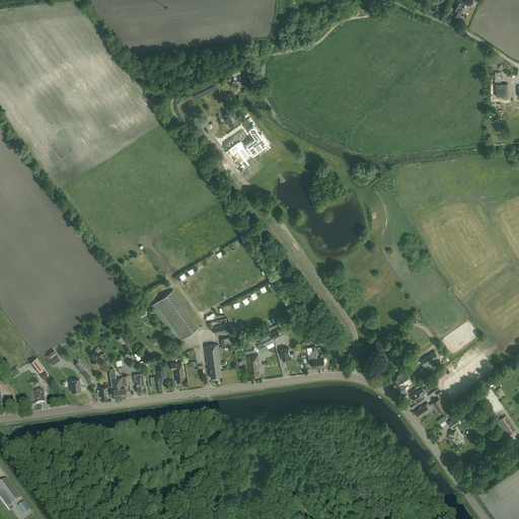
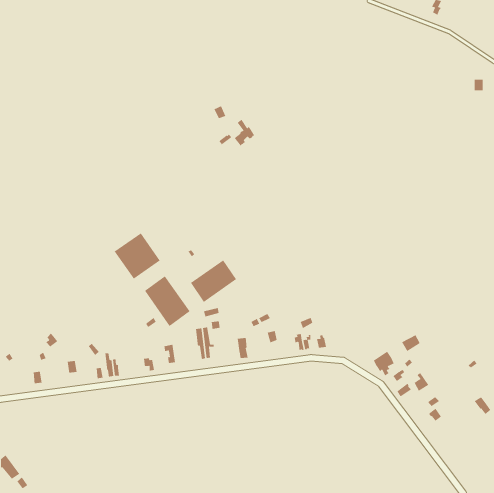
building: none -> [114,233,161,279]
building: none -> [190,259,237,303]

